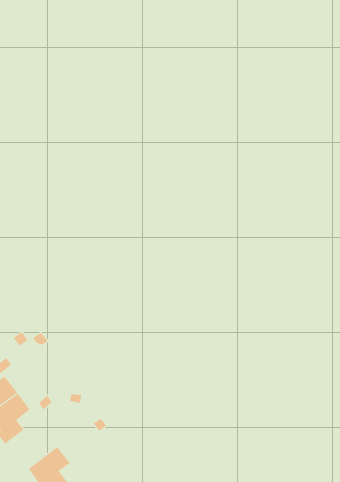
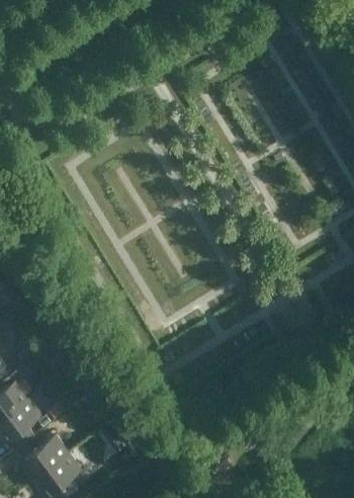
building: none -> [18,437,71,477]

